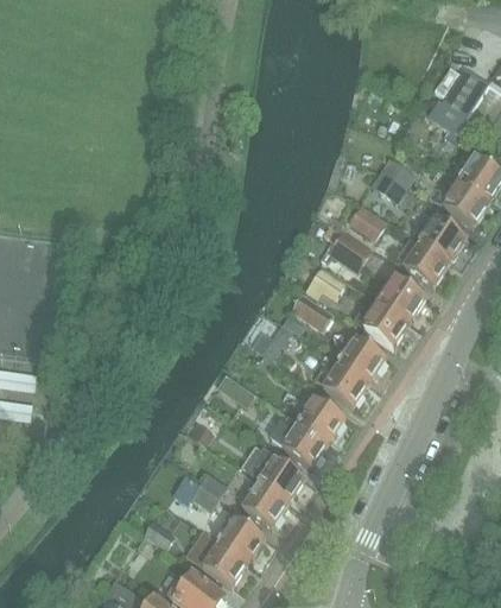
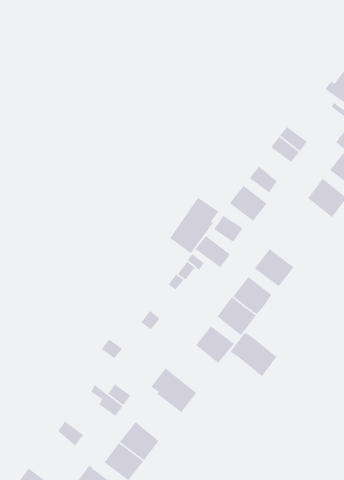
building: [400,240,448,286] -> none
building: none -> [169,197,219,254]
building: [376,277,424,322] -> none
building: [268,414,325,467] -> [229,331,278,377]
building: [239,482,286,527] -> none

